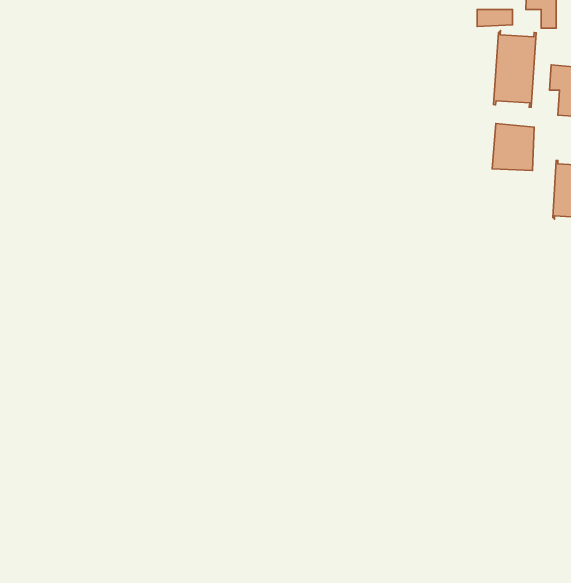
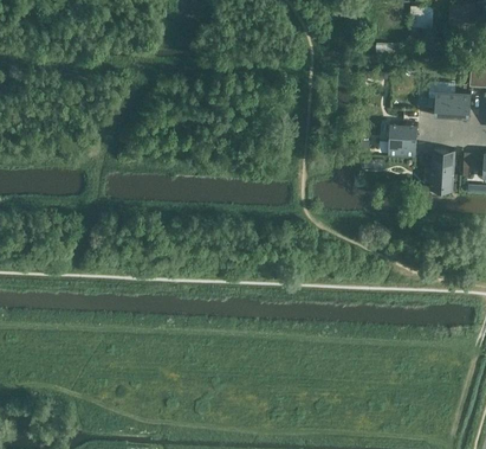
building: [494,30,536,107] -> none

